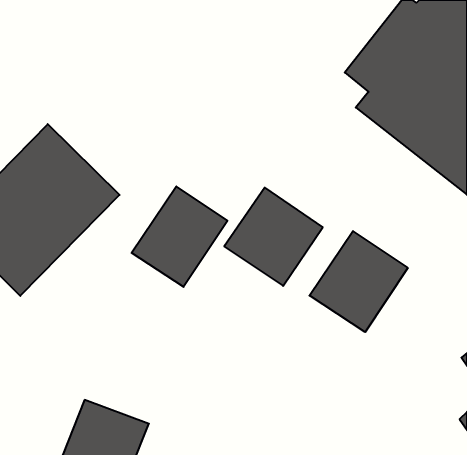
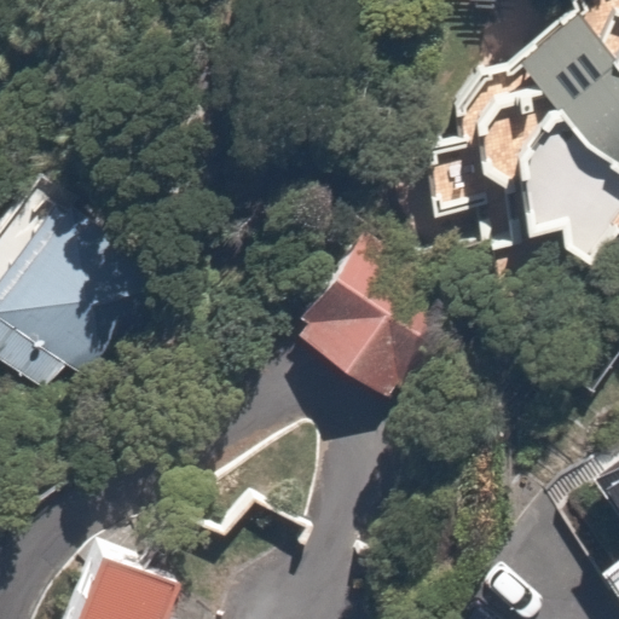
building: [132,186,227,287] -> none
building: [309,231,408,332] -> none

